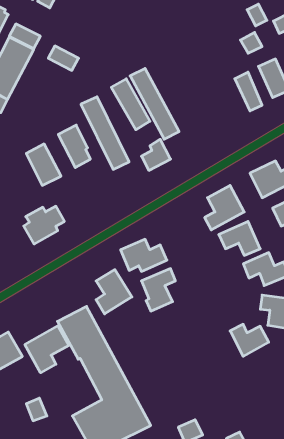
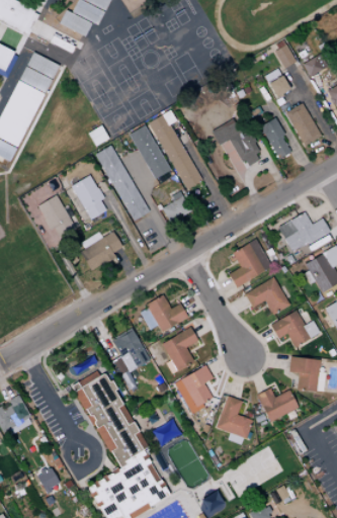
building: [48,46,79,70] -> [27,52,60,78]
building: none -> [213,117,262,174]
building: [24,206,64,244] -> [79,231,122,271]
building: none -> [174,365,214,413]
building: [25,326,69,373] -> none
building: none -> [216,396,250,444]

